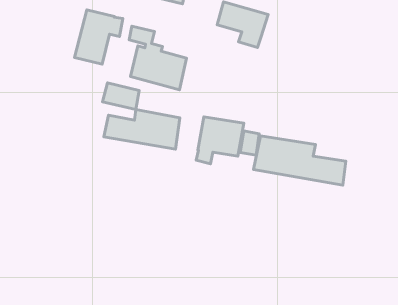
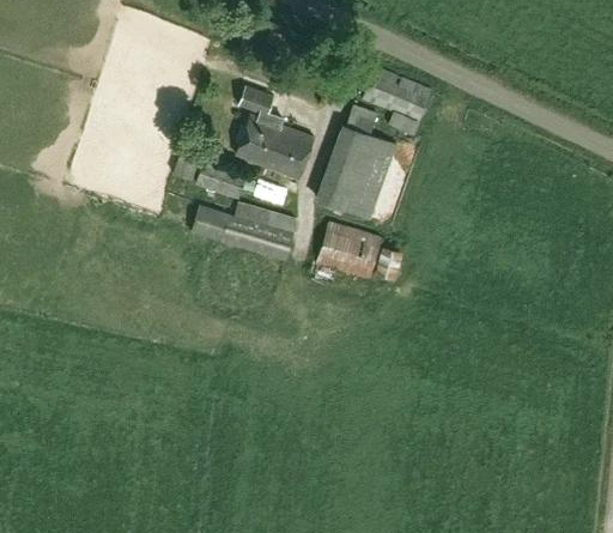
building: [74,10,123,64] -> none
building: none -> [318,105,396,219]
building: [253,136,346,185] -> none

